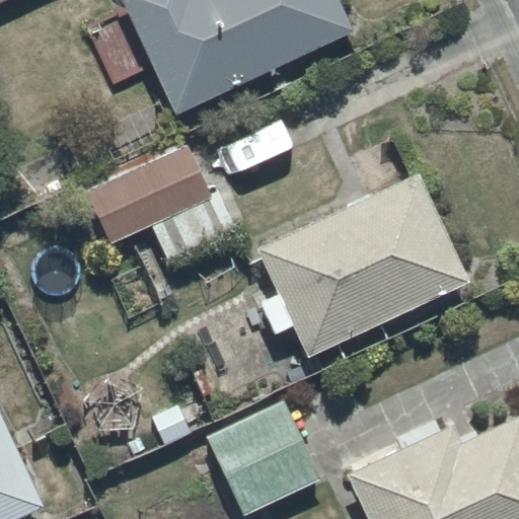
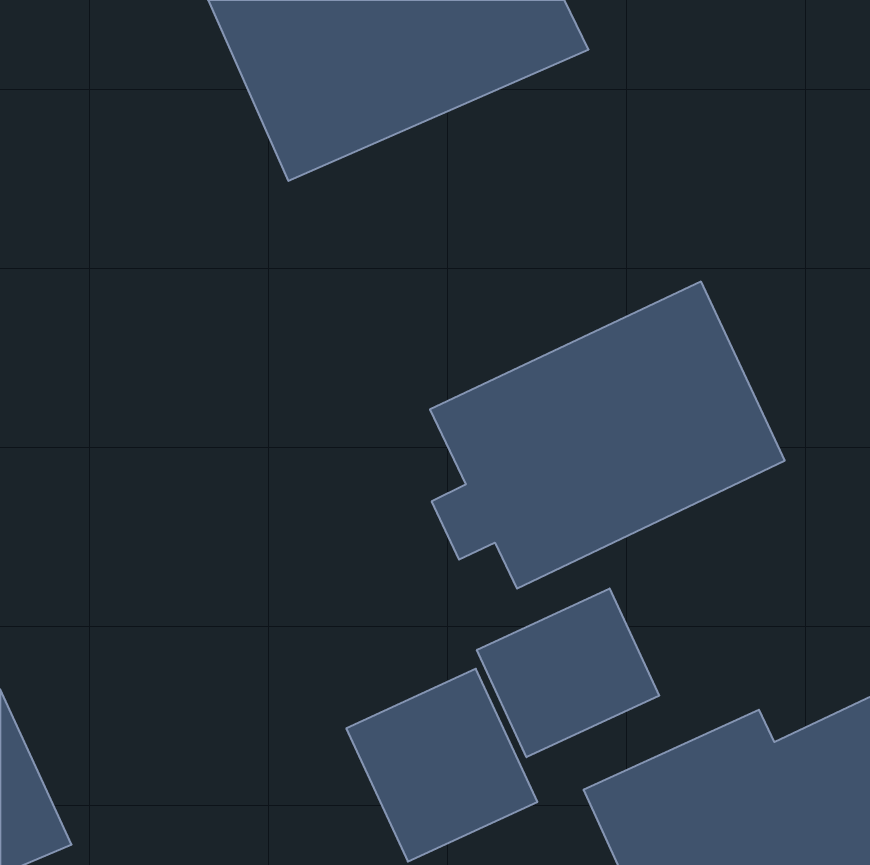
building: [89,146,235,260] -> none
building: none -> [477,588,659,757]

